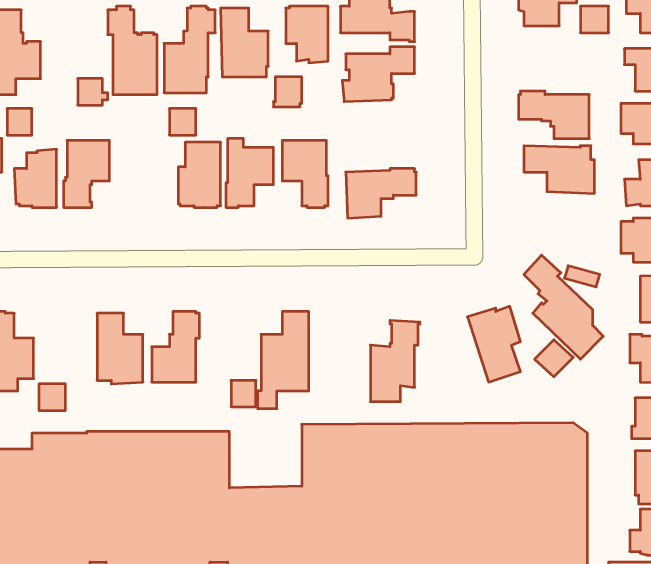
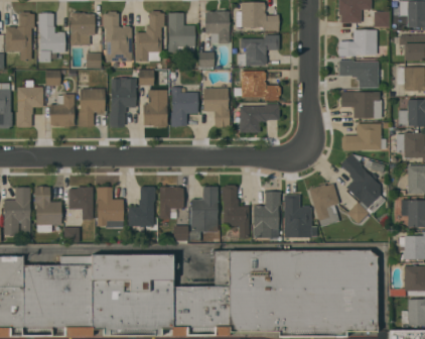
building: none -> [70,12,94,45]
building: none -> [337,29,376,54]
building: none -> [233,71,280,100]
building: none -> [109,78,135,127]
building: none -> [341,123,386,150]
building: none -> [222,185,249,237]
building: none -> [159,186,183,219]
building: none -> [68,187,93,219]
building: none -> [284,194,316,237]

